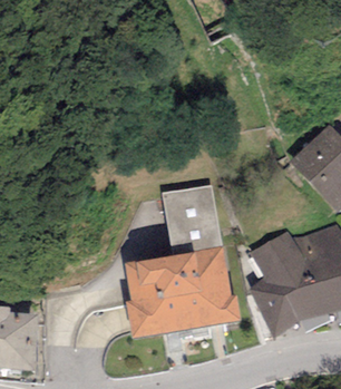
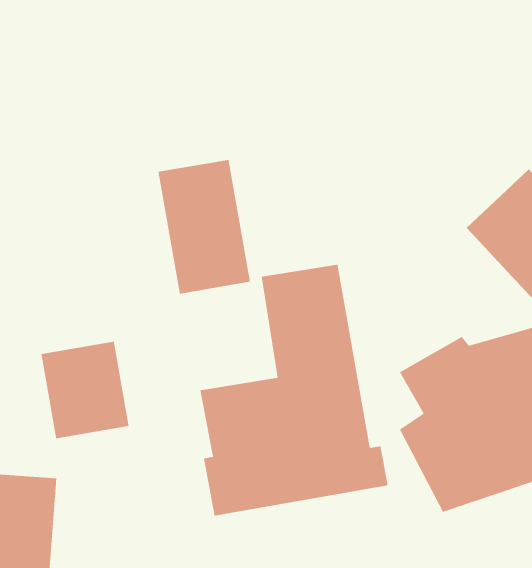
building: none -> [158,159,250,294]
building: none -> [41,341,129,439]

